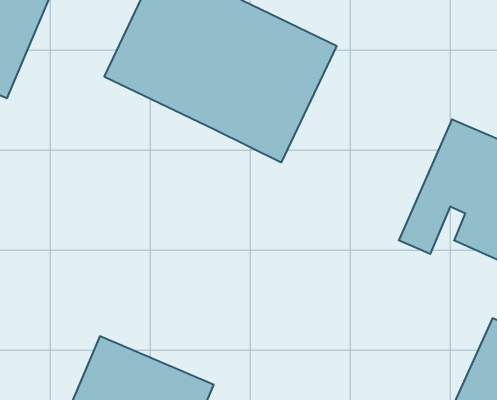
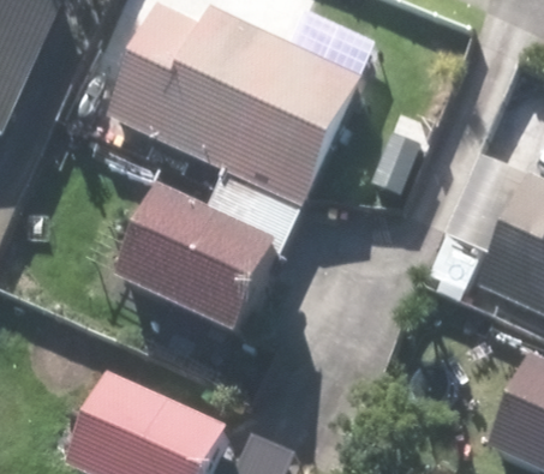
building: none -> [118,161,301,336]

